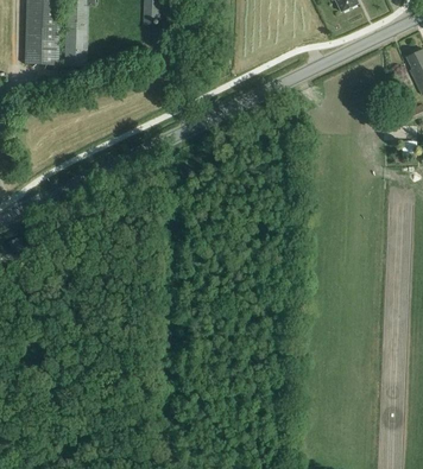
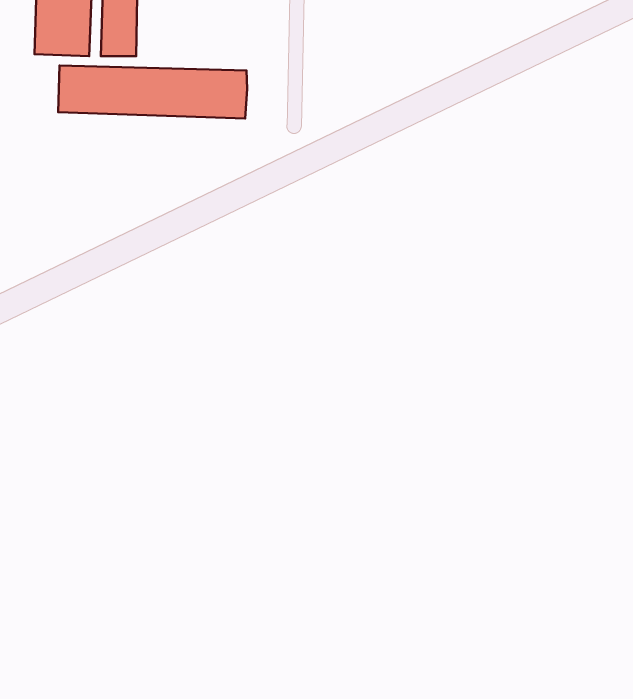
building: none -> [58,65,247,119]

